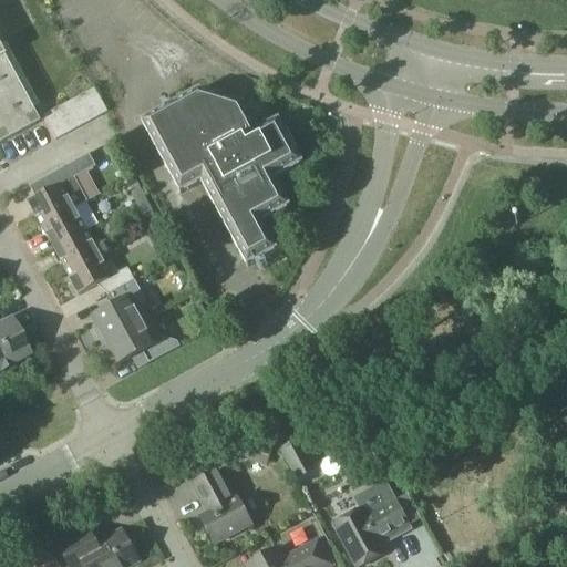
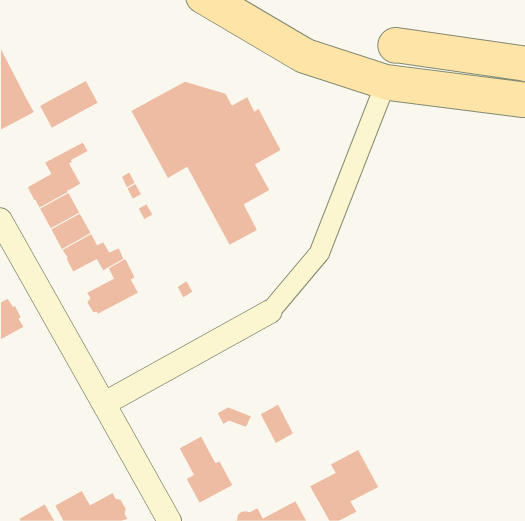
building: [104,316,179,367] -> none

